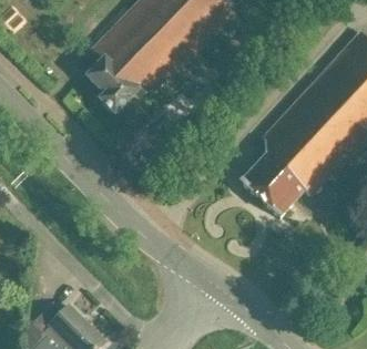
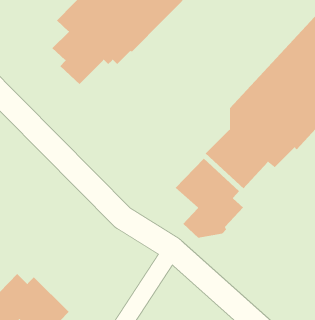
building: none -> [175,158,244,239]

